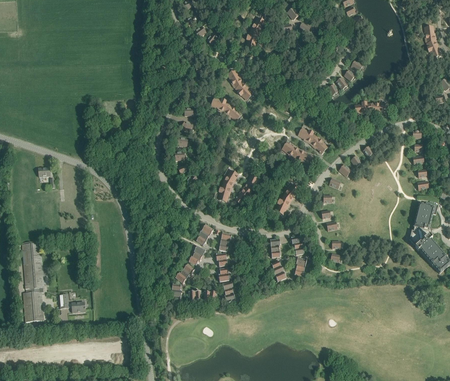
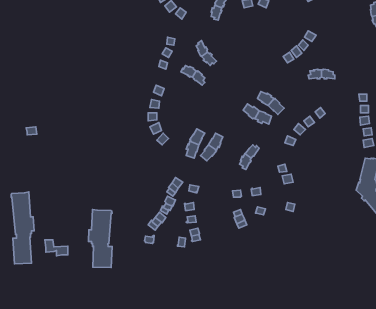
building: none -> [88,210,112,267]

